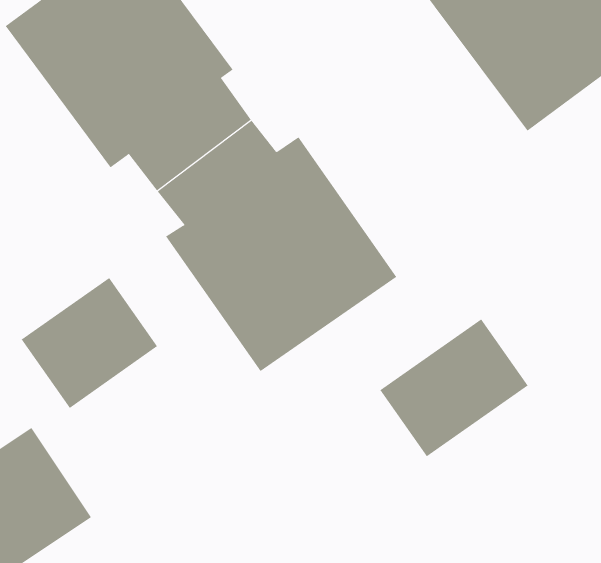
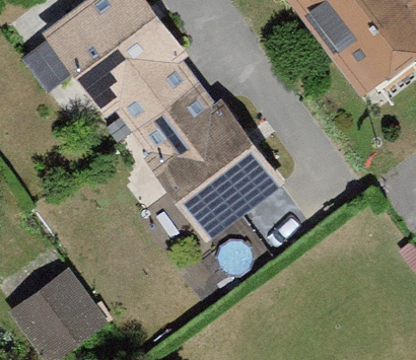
building: [21,277,158,409] -> none
building: [380,318,529,457] -> none

